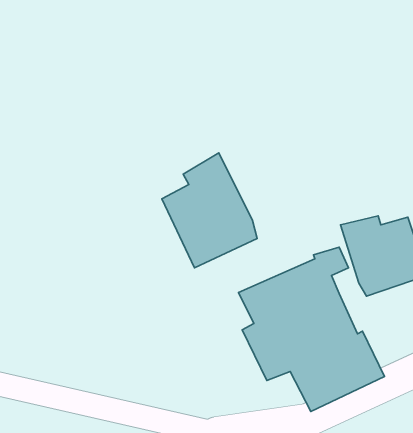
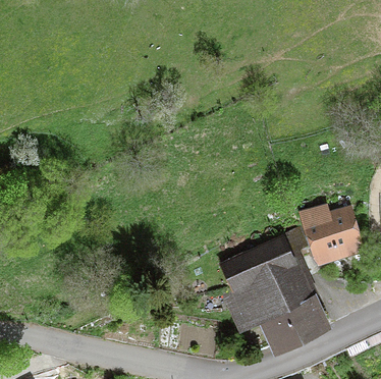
building: [162,153,257,268] -> none

